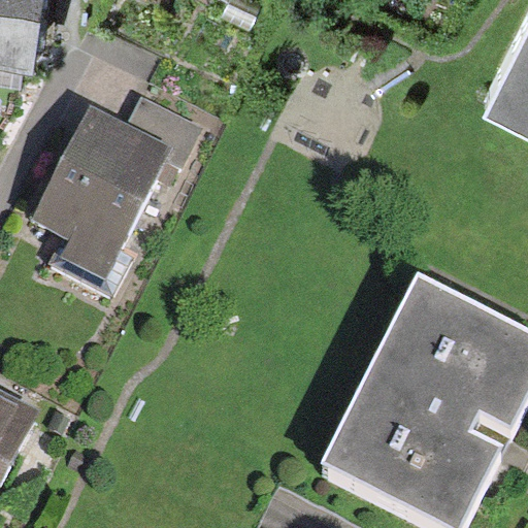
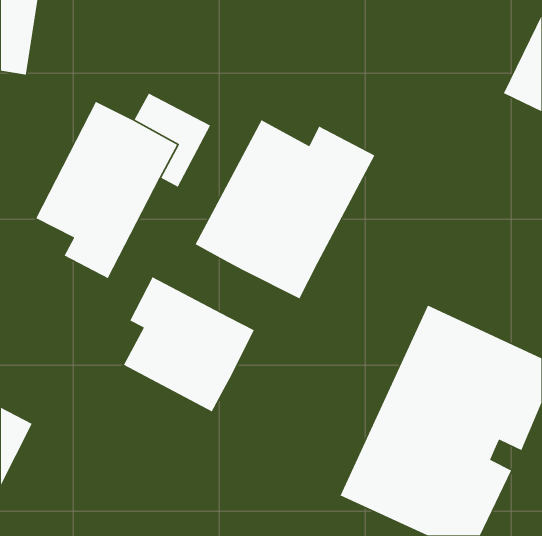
building: none -> [195,119,376,299]
building: none -> [123,276,255,413]

